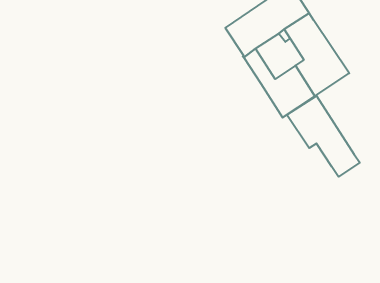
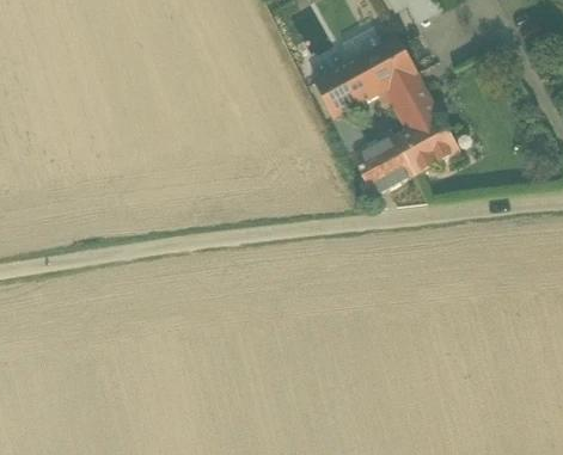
building: [287,96,360,177] -> none

